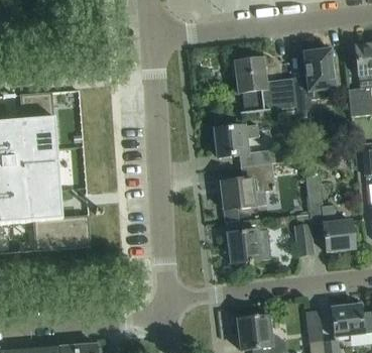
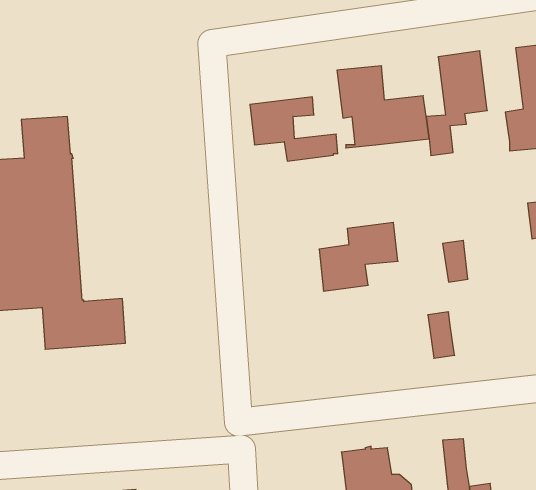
building: [216,124,275,167] -> [250,97,338,161]
building: [322,205,355,251] -> none
building: [228,228,271,263] -> none
building: [332,304,364,337] -> none

